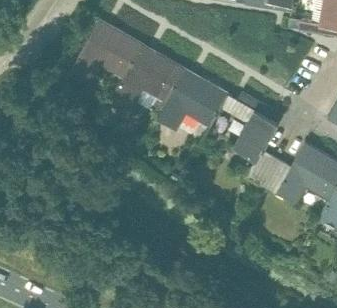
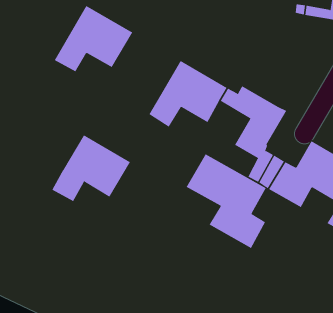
building: [113,45,185,106] -> [52,135,131,202]
building: none -> [186,154,267,249]

